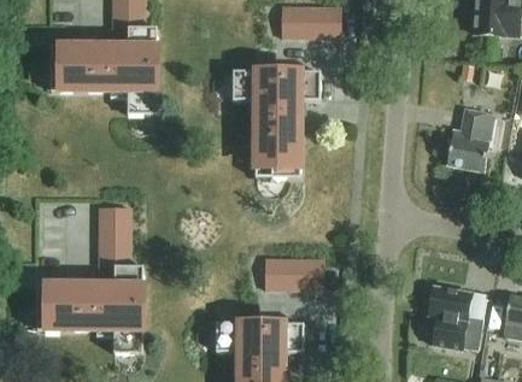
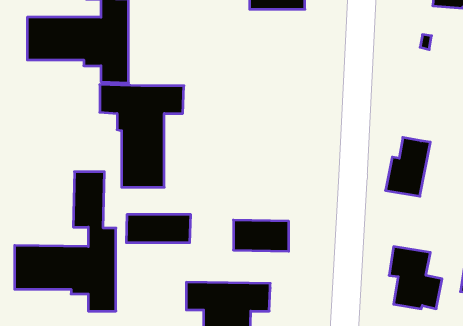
building: [233,69,321,176] -> [100,85,184,187]
building: [447,107,494,169] -> [385,137,430,196]
building: none -> [126,214,190,243]

